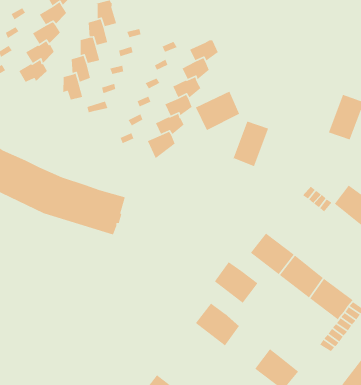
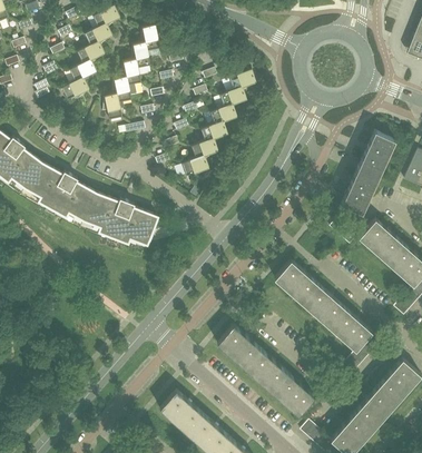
building: [195,90,240,131] -> none
building: [232,121,269,167] -> [342,168,380,214]
building: [214,261,259,304] -> [245,349,288,392]

